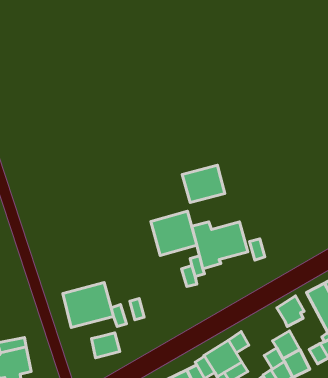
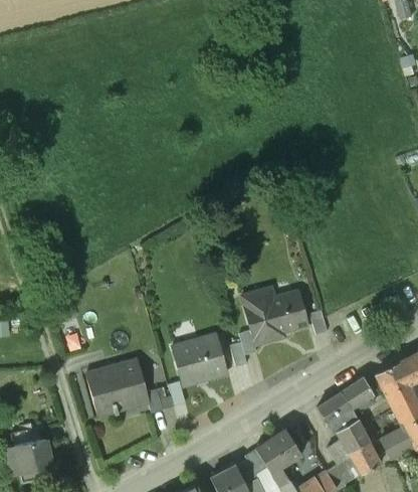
building: [182,165,225,203] -> none
building: [151,211,197,256] -> [172,333,226,385]
building: none -> [318,391,357,433]
building: [91,333,120,358] -> none

